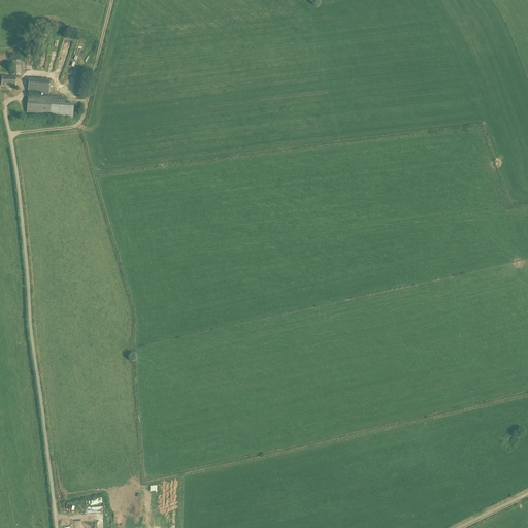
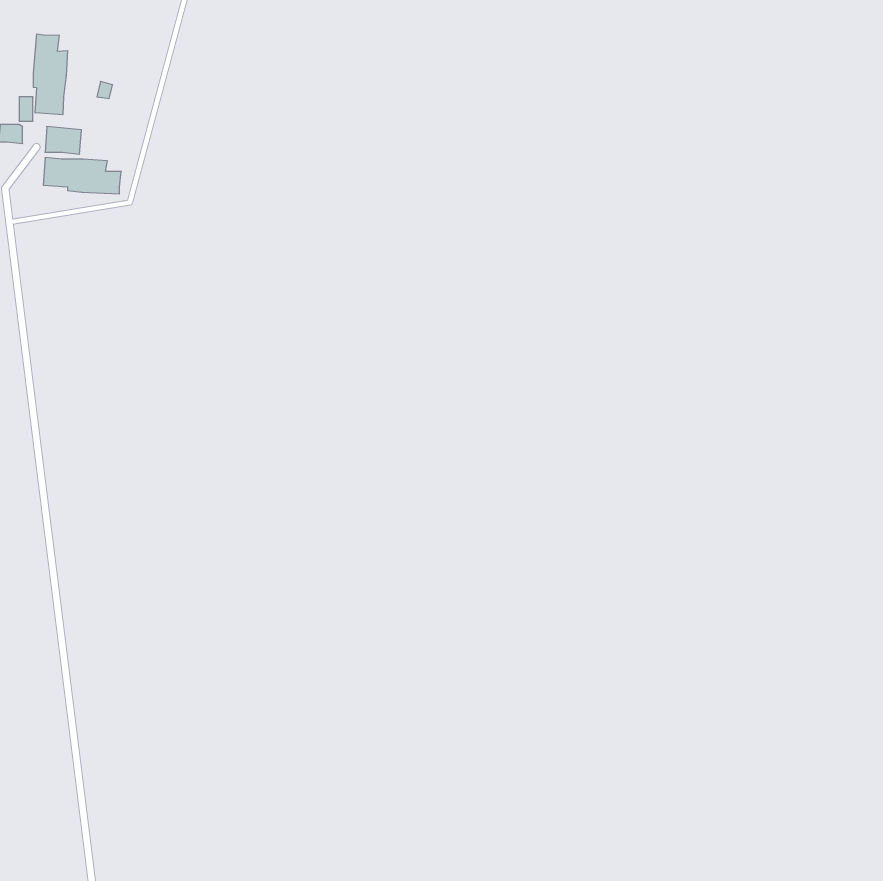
building: none -> [33,34,67,115]

